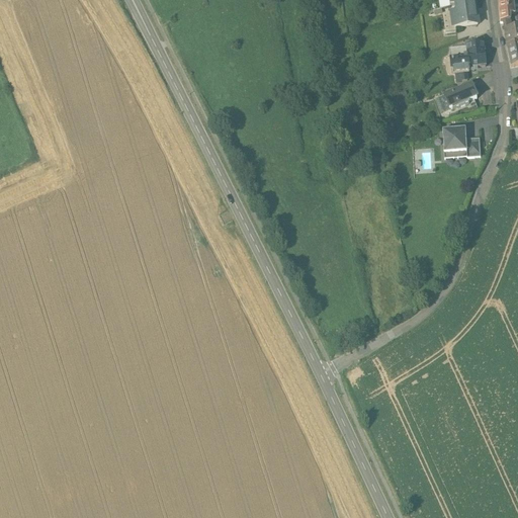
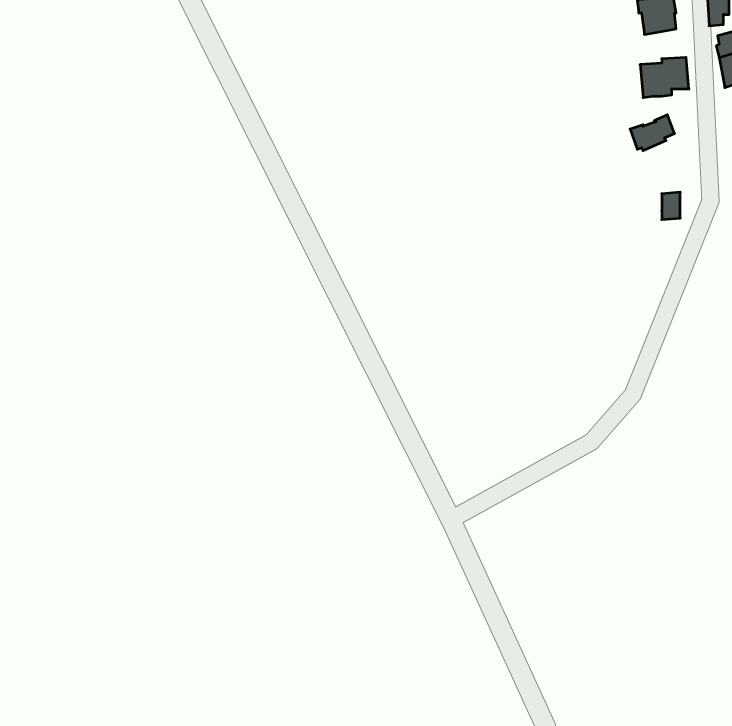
building: [443,126,467,150] -> none

